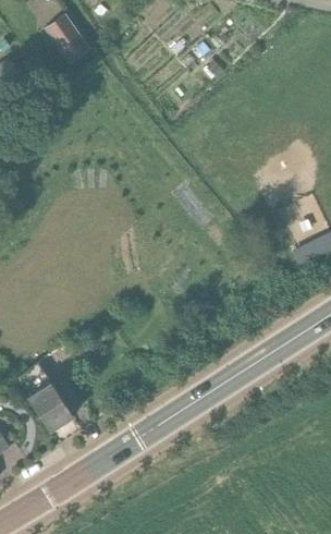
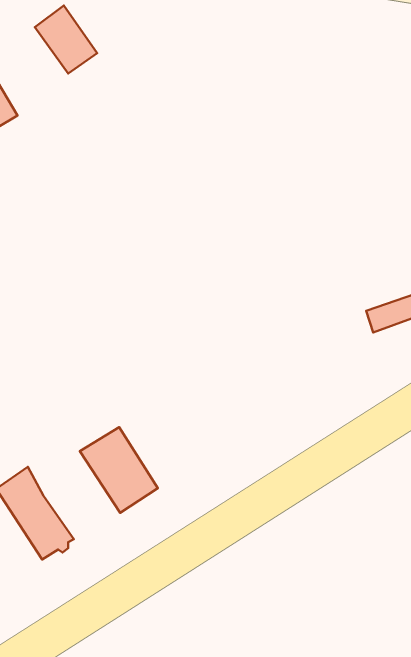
building: none -> [80,427,158,513]

